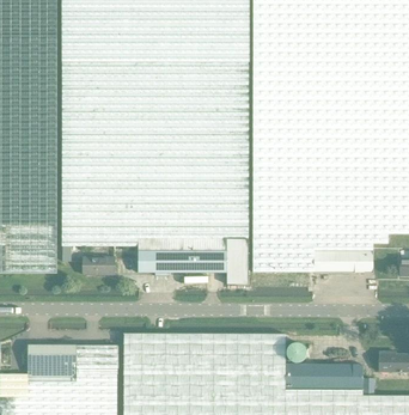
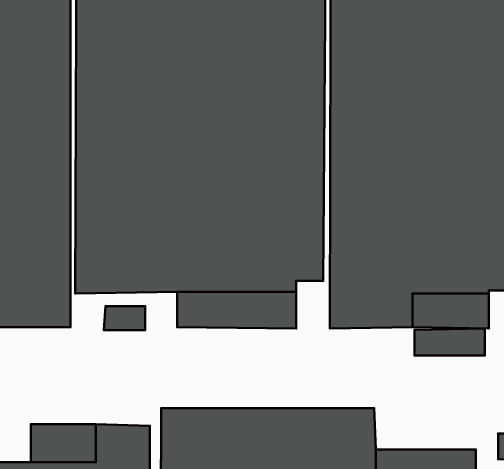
building: [227,238,248,285] -> none
building: none -> [415,329,485,355]

